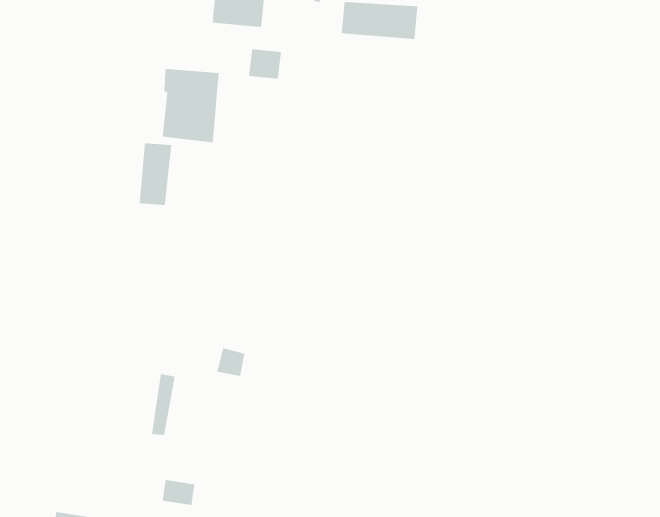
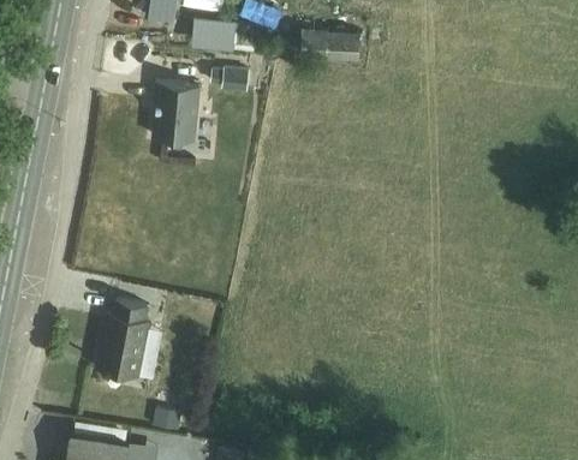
building: [139,142,172,206] -> none
building: none -> [95,300,150,380]

